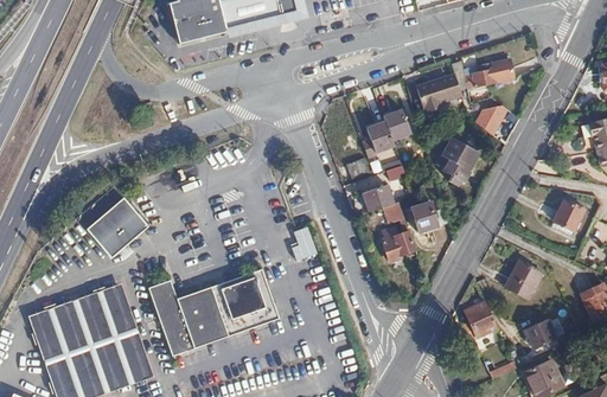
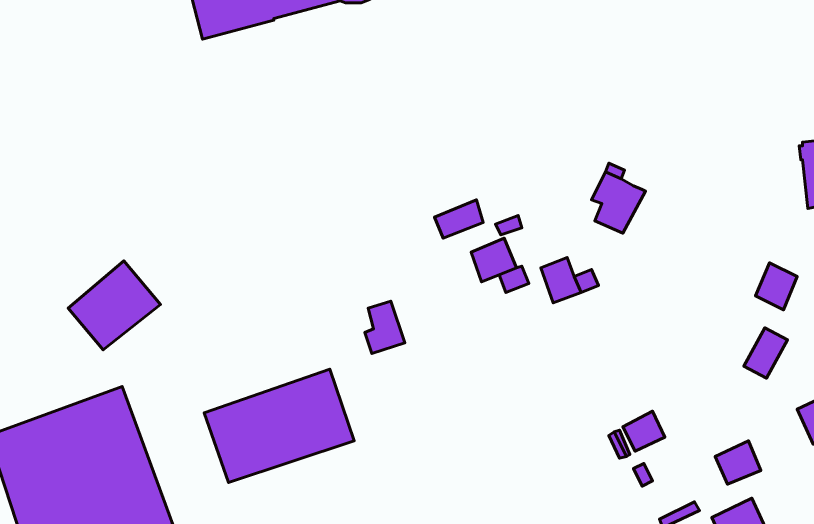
building: [462,58,510,87] -> none
building: [416,72,460,114] -> none
building: [364,104,409,149] -> none
building: [473,104,506,134] -> none
building: [382,229,415,261] -> none
building: [504,260,533,294] -> [744,328,788,378]
building: [148,278,196,356] -> none

